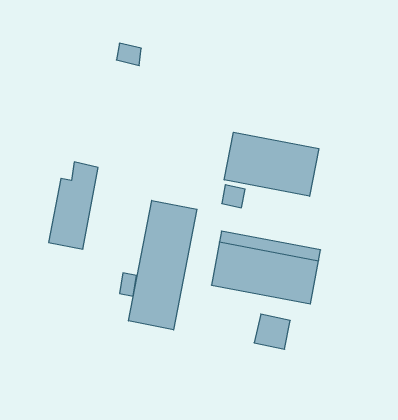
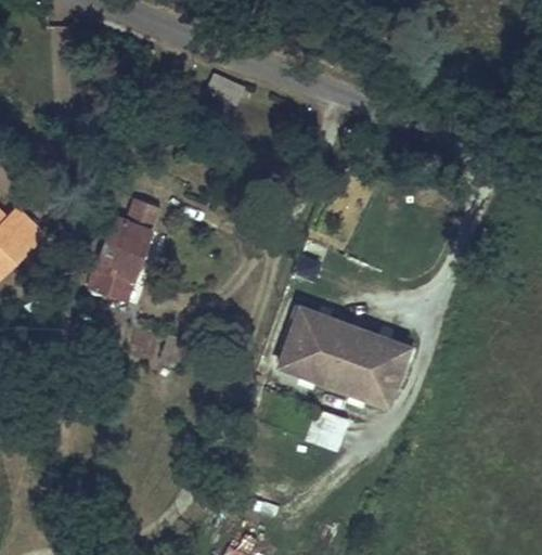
building: [224,132,319,196] -> none
building: [129,200,197,330] -> none

